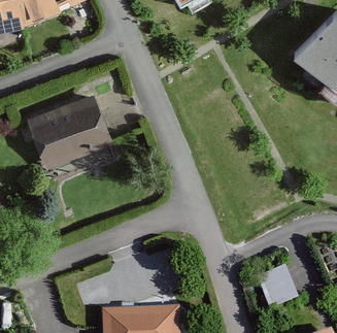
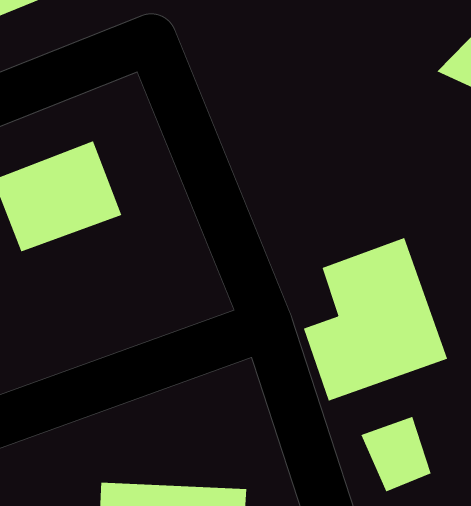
building: none -> [303,237,448,401]

